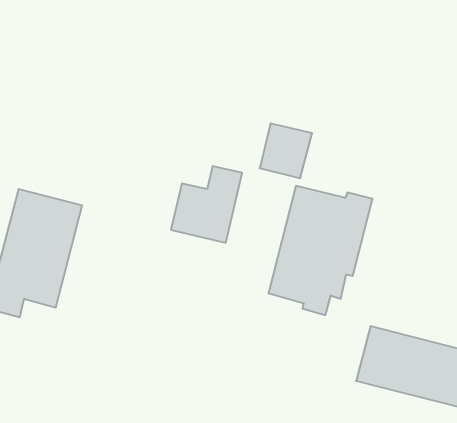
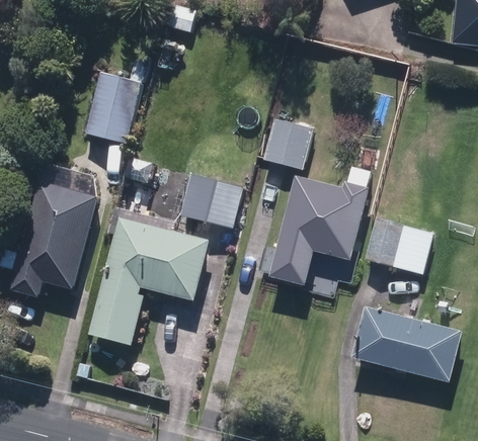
building: none -> [86,56,148,143]
building: none -> [89,205,210,343]
building: none -> [363,219,428,271]

